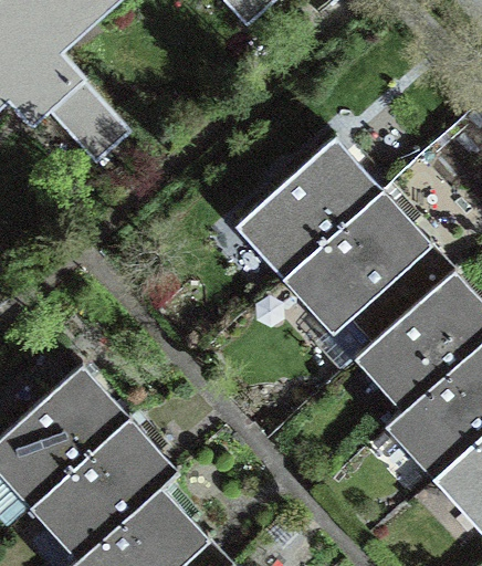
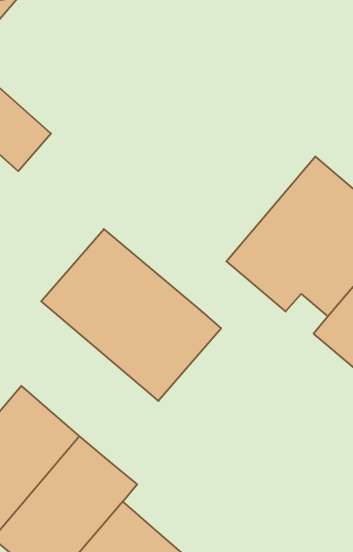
building: [238,139,381,279] -> none
building: none -> [41,229,221,401]

